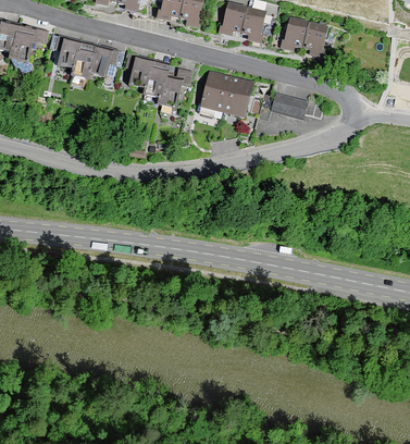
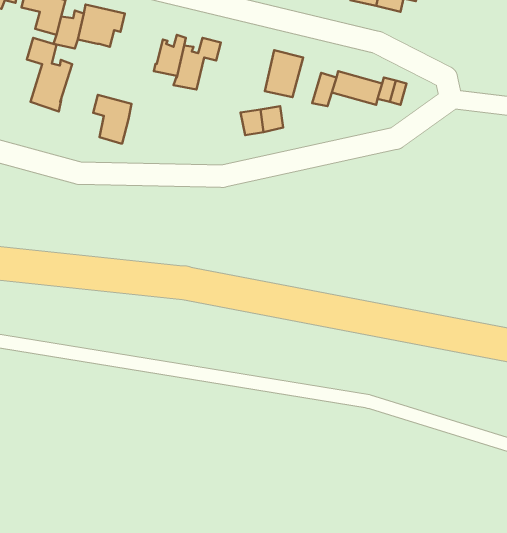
building: [125,53,152,88] -> [93,95,131,143]
building: none -> [27,38,72,112]
building: [202,74,229,111] -> none

